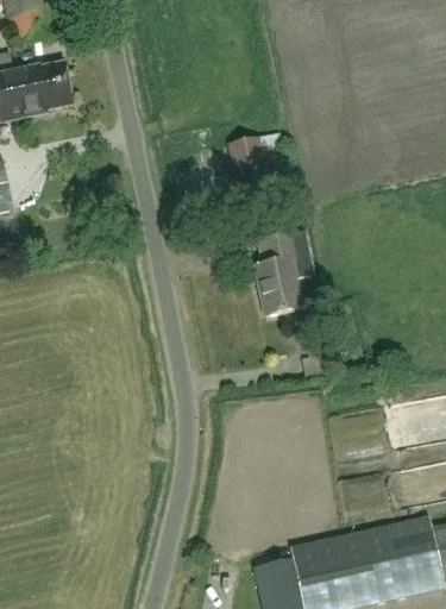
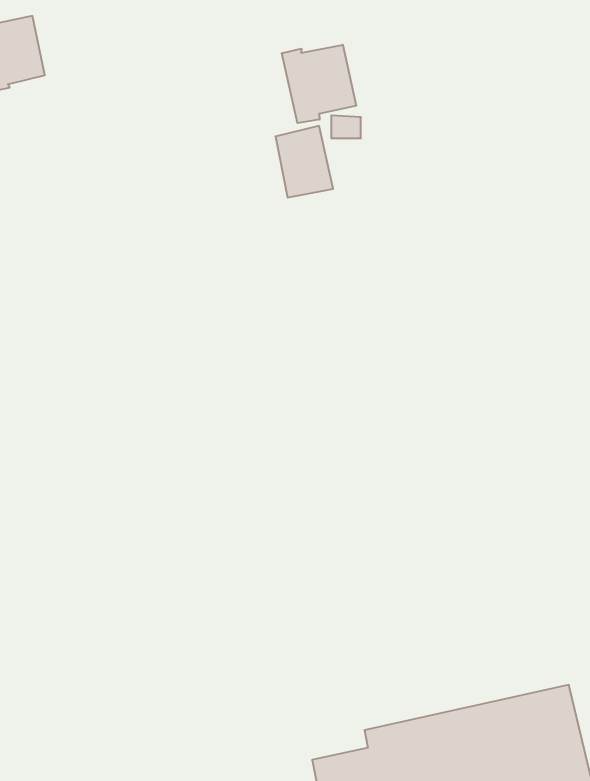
building: none -> [282,45,356,123]
building: [255,230,313,314] -> none

